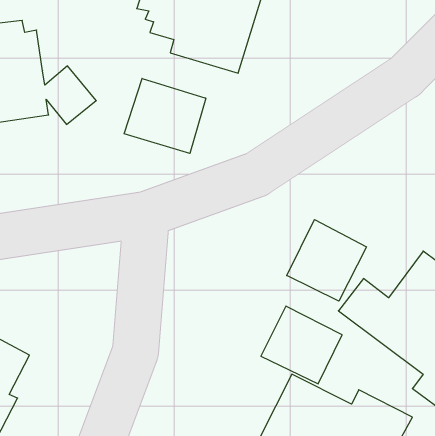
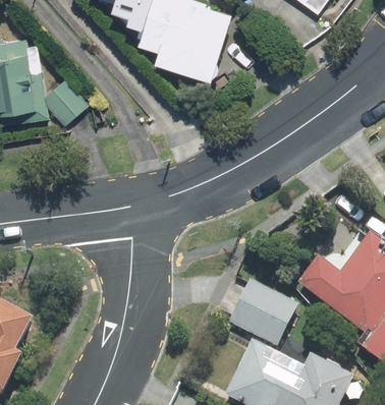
building: [124,78,206,153] -> none
building: [287,220,366,301] -> none

